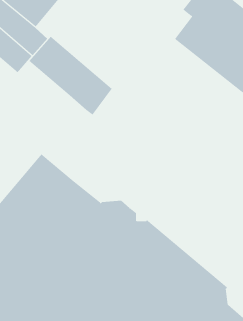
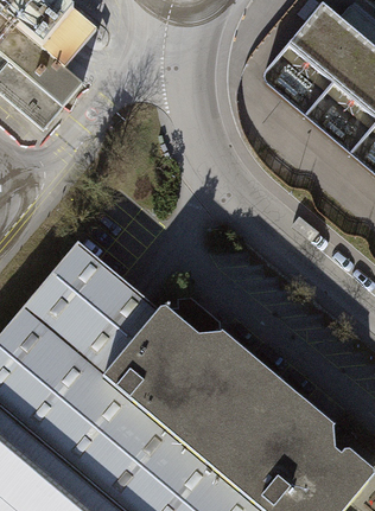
building: [29,36,113,115] -> none

